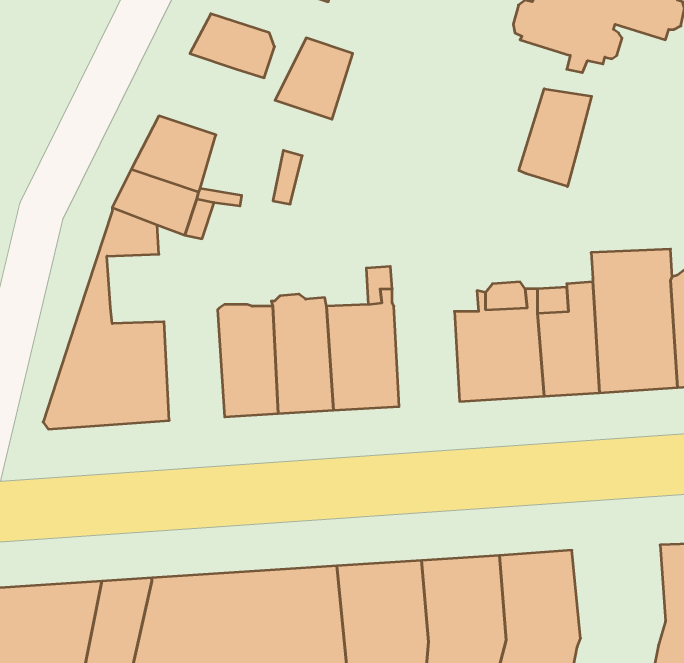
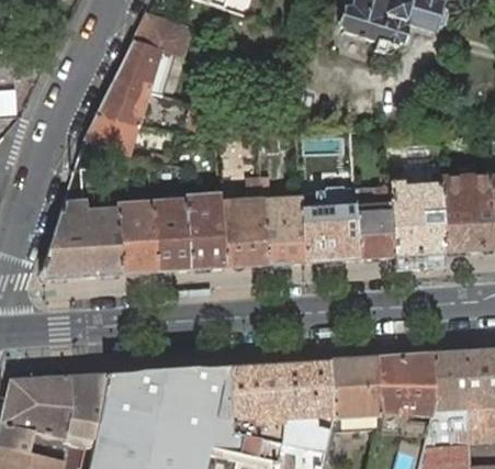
building: [275,38,353,119] -> [114,41,164,92]
building: [519,89,592,187] -> none
building: none -> [263,194,305,265]
building: none -> [117,202,156,273]
building: none -> [376,353,436,416]

